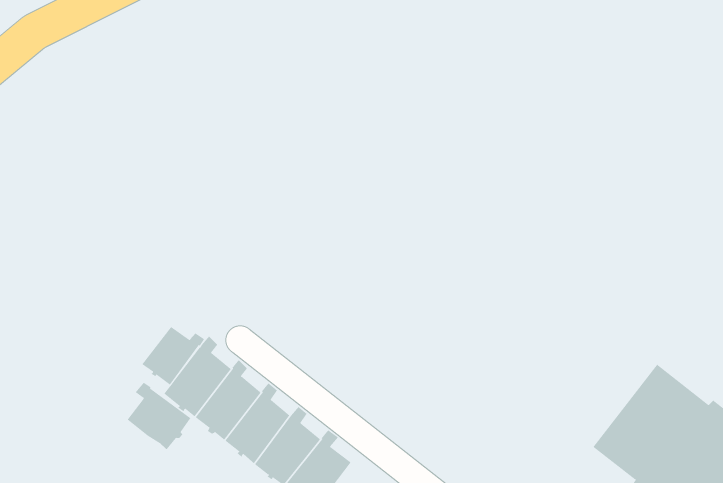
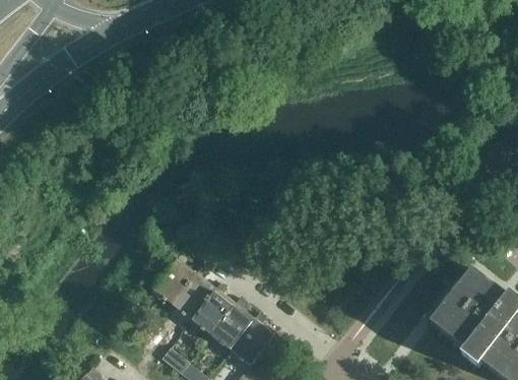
building: [141,326,205,385] -> none
building: [127,382,191,451] -> none

